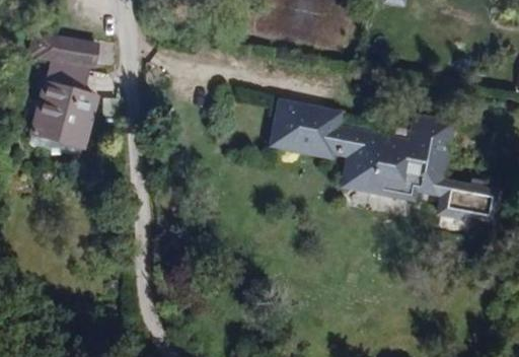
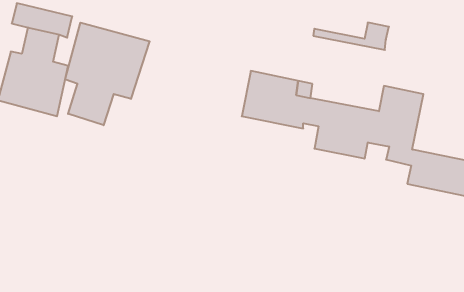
building: none -> [65,23,150,125]
building: [344,174,420,202] -> [313,23,389,50]

